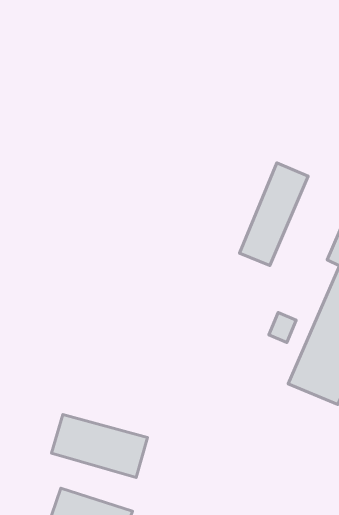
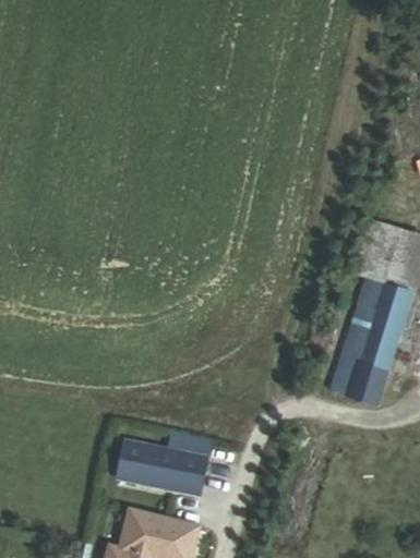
building: [239,163,308,266] -> none

